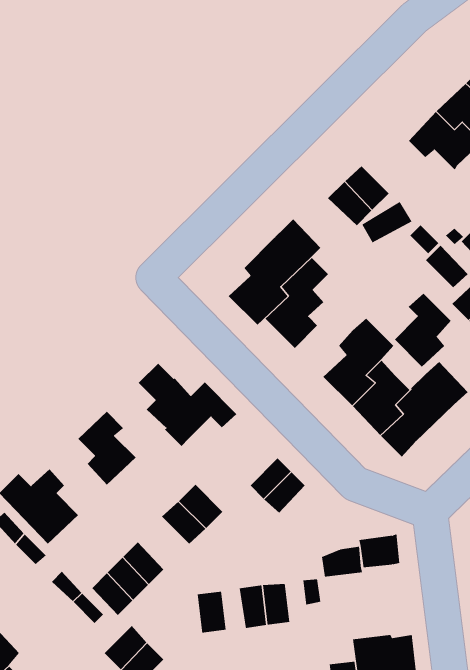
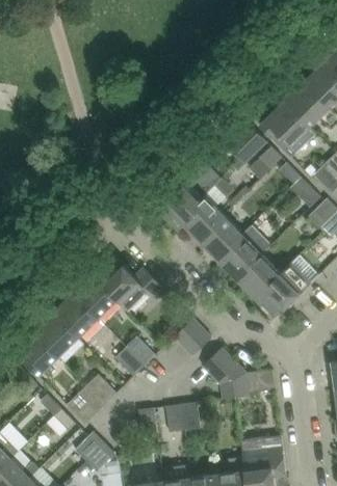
building: none -> [260,107,316,157]
building: [394,293,451,367] -> [204,215,242,265]
building: none -> [78,268,118,319]
building: none -> [40,306,78,357]
building: none -> [203,348,248,385]

